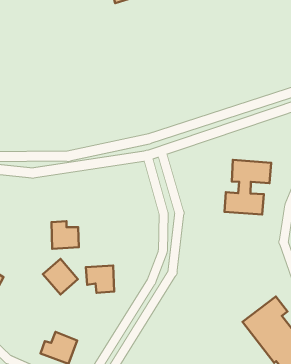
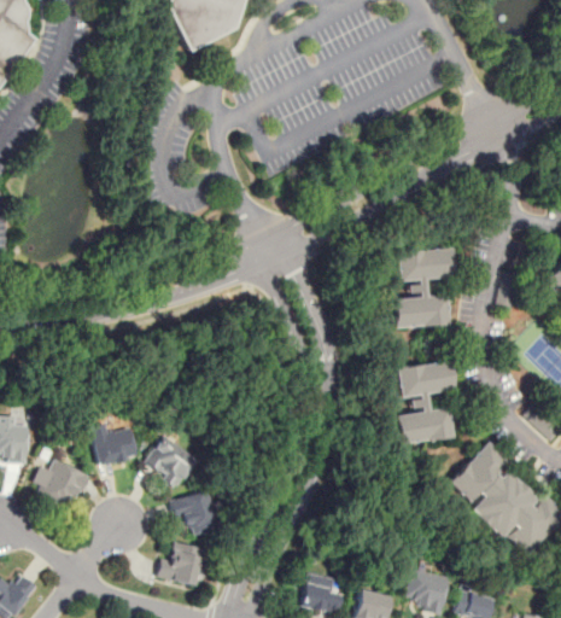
building: [51,221,79,249] -> [92,422,138,466]
building: none -> [393,358,455,444]
building: [86,266,114,293] -> [173,490,220,534]

